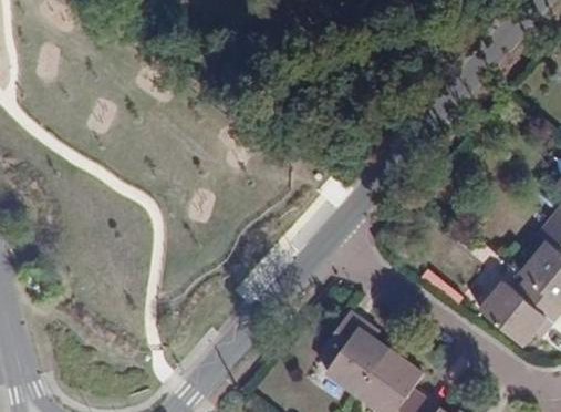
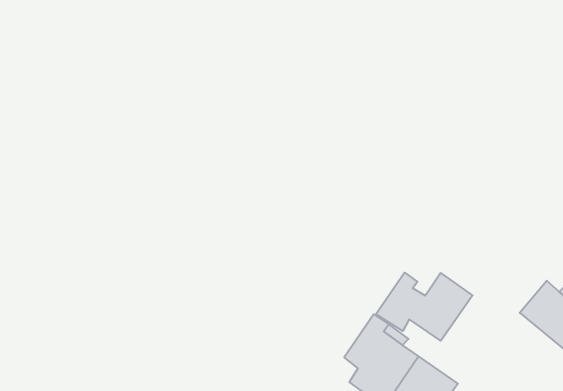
building: none -> [376,273,473,341]

